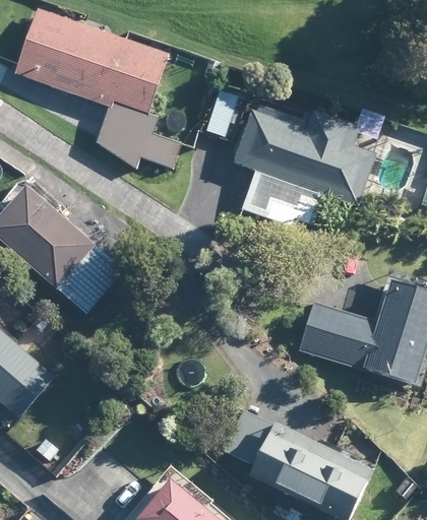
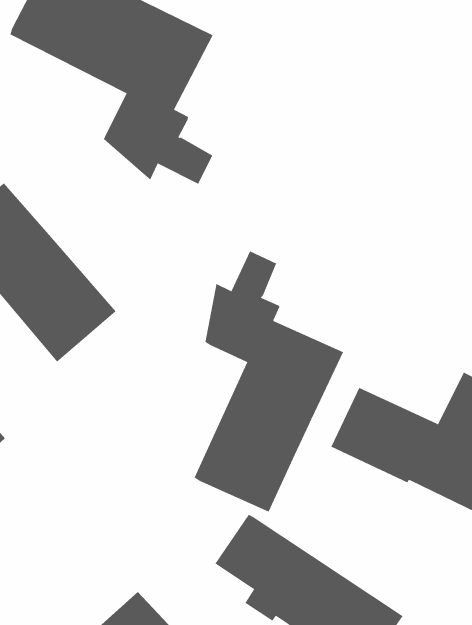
building: [232,110,376,226] -> none
building: none -> [194,251,344,513]

